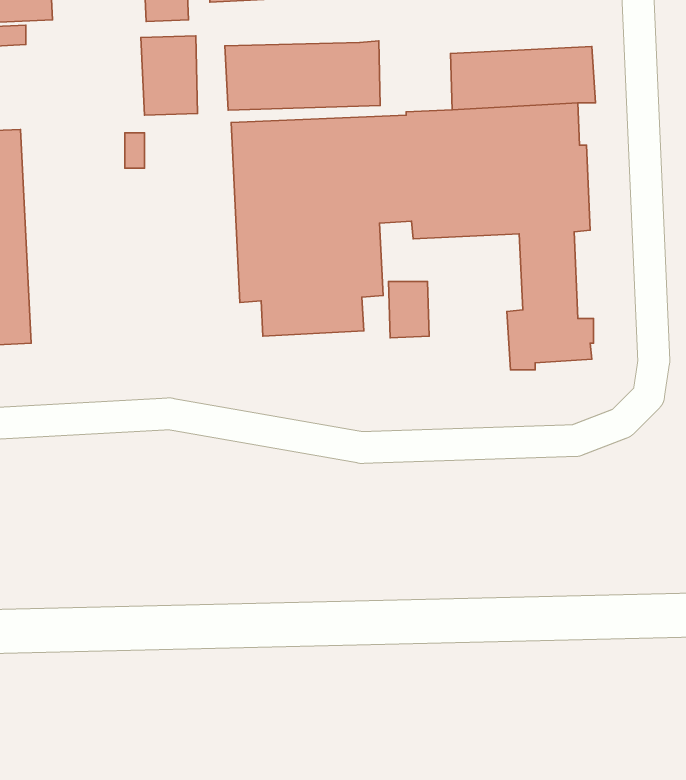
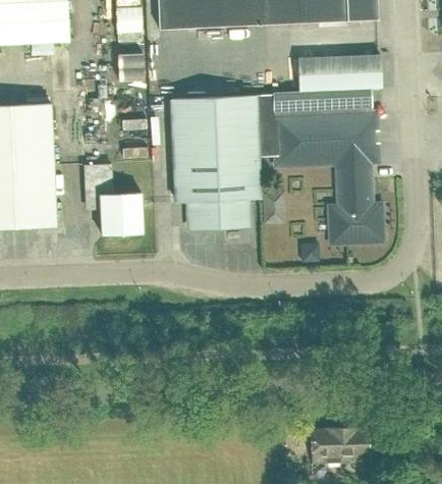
building: [225,41,380,110] -> none
building: none -> [100,193,143,237]
building: none -> [311,426,386,464]

